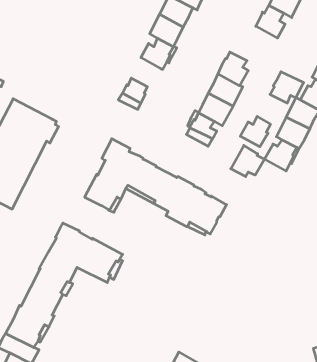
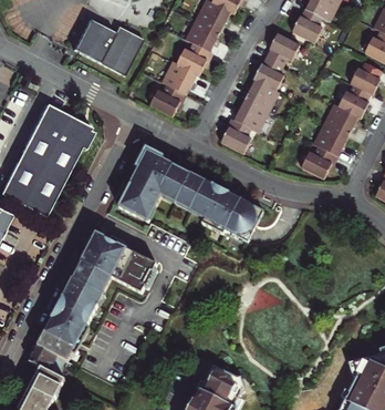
building: none -> [73,18,143,74]
building: none -> [164,60,195,93]
building: [270,72,304,103] -> [266,33,300,65]
building: [240,116,270,147] -> none
building: [231,145,264,177] -> none

